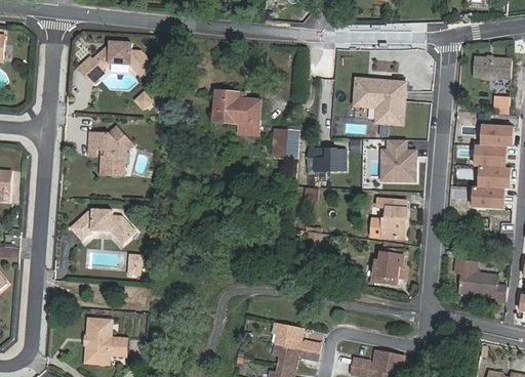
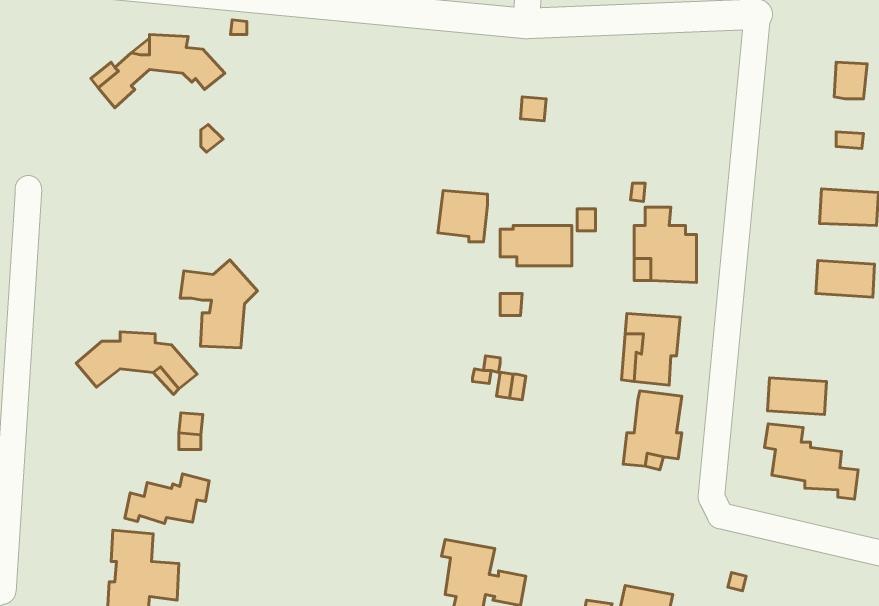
building: [471,56,493,77] -> none
building: [353,78,404,124] -> none
building: [211,89,260,134] -> none
building: [87,126,130,175] -> [180,260,257,348]
building: [478,148,511,167] -> none
building: [476,191,509,211] -> [768,378,826,414]
building: none -> [125,474,209,523]

